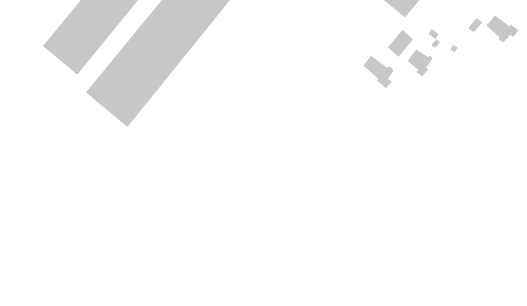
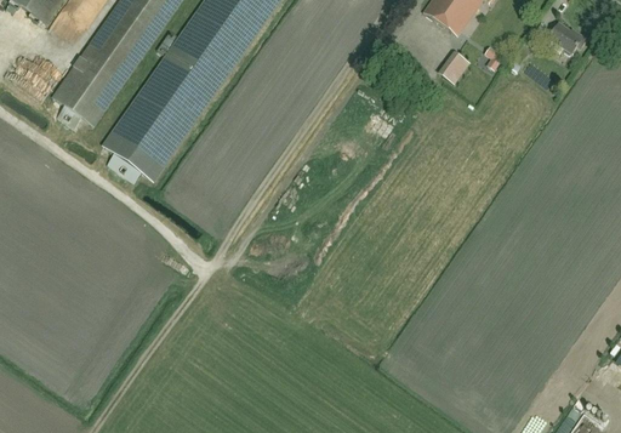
building: [406,48,433,78] -> none
building: [362,54,394,89] -> none

